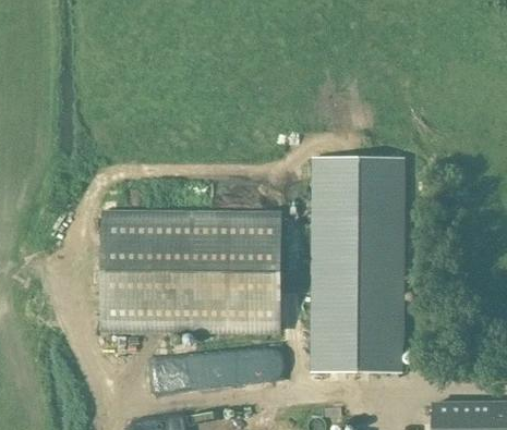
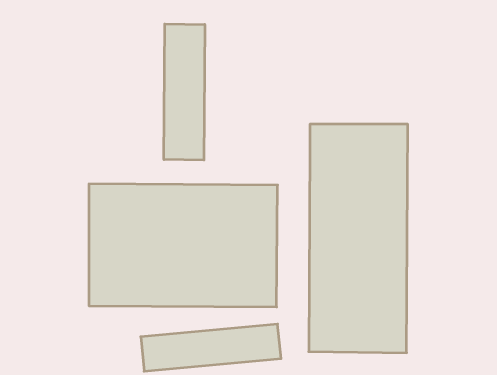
building: none -> [164,24,205,160]

